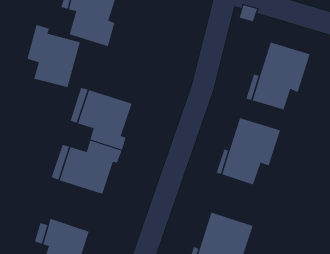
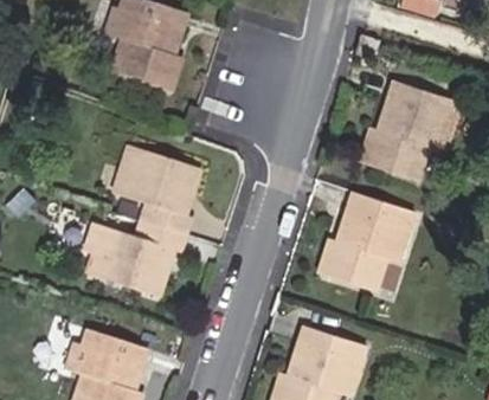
building: [27,24,80,88] -> none

